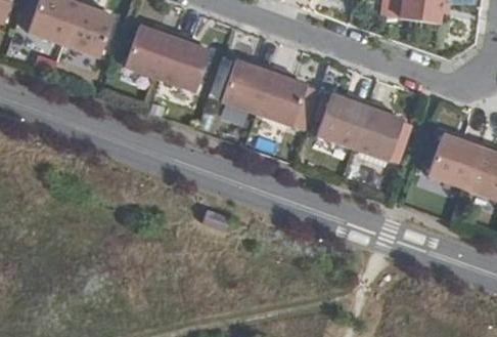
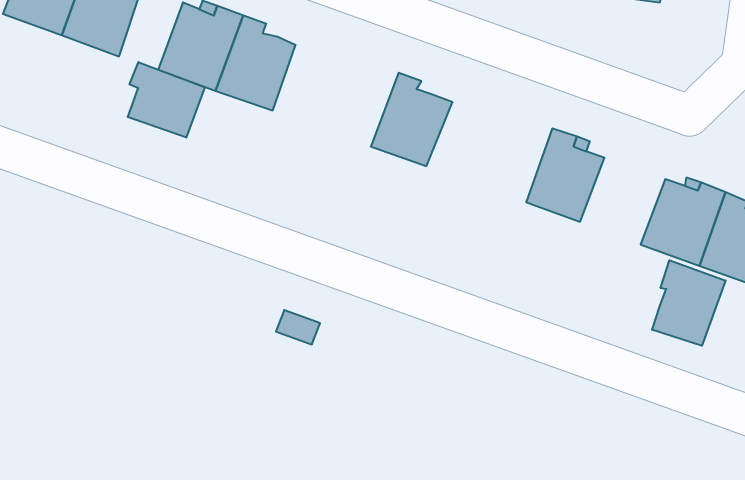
building: [220,58,274,114] -> none
building: none -> [128,62,205,138]
building: [318,94,370,149] -> none
building: none -> [652,260,726,346]

